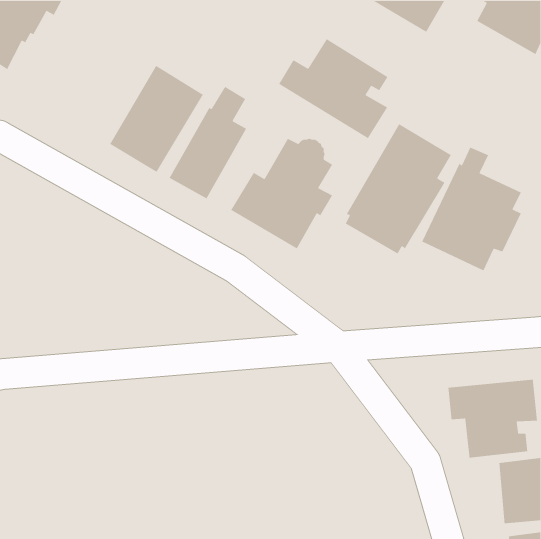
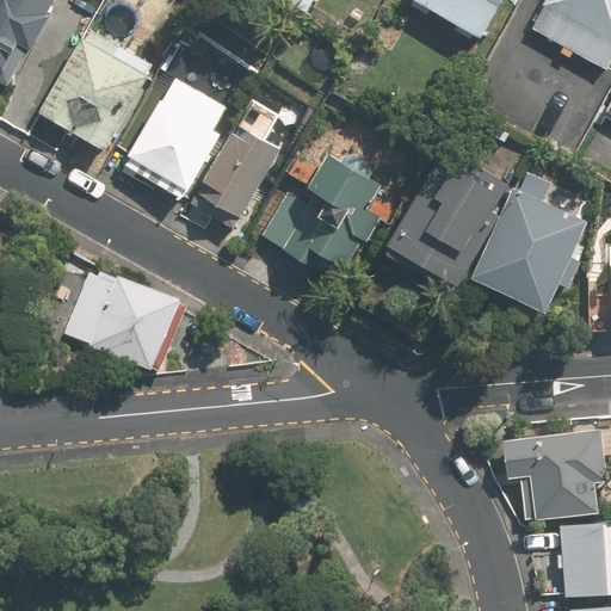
building: none -> [42,38,153,149]
building: [278,38,389,139] -> none
building: none -> [57,271,178,374]

